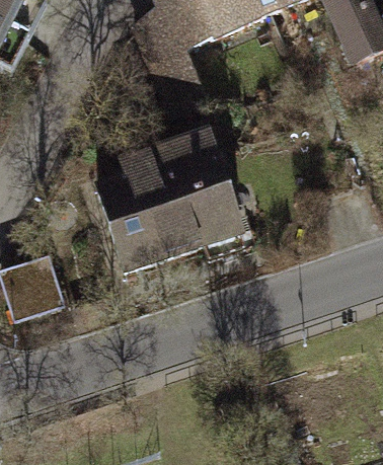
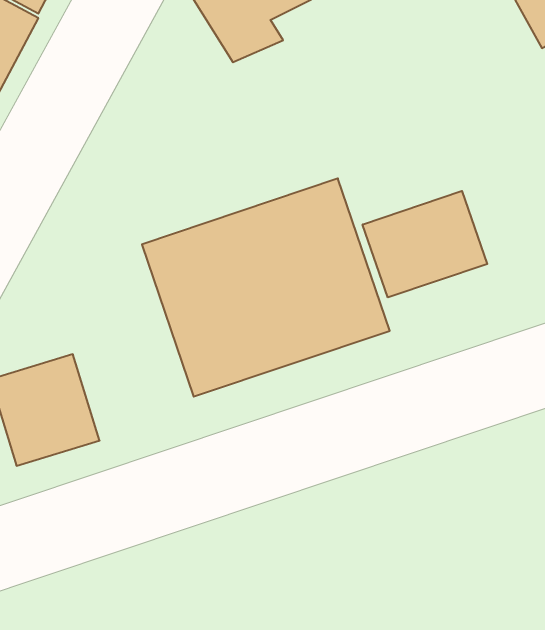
building: none -> [363,191,487,297]

